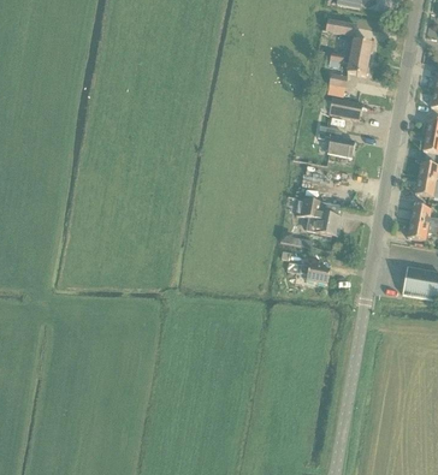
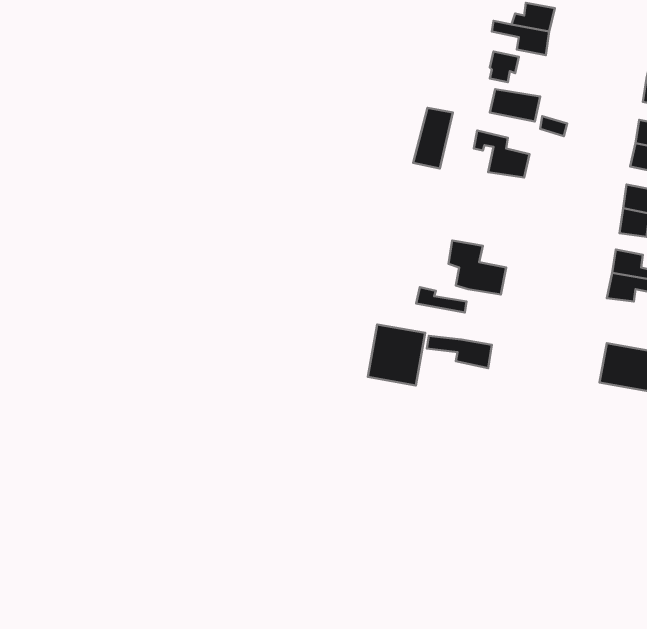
building: none -> [413,108,453,168]
building: none -> [368,324,425,385]

